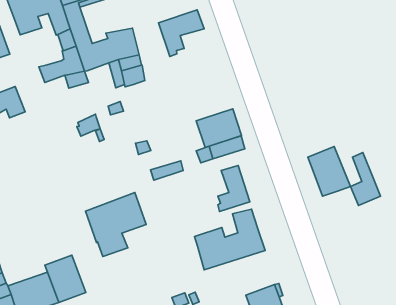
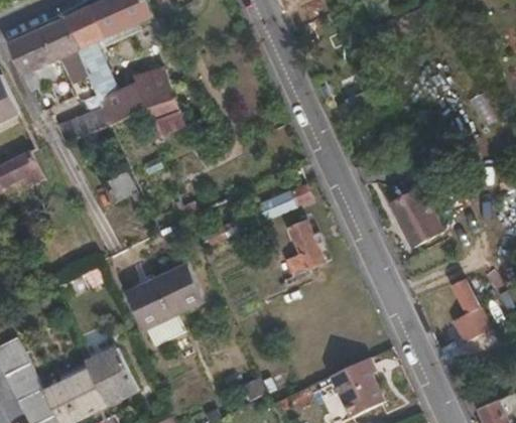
building: [159,10,204,57] -> none
building: [196,109,241,147] -> none
building: [350,152,380,206] -> [450,278,489,342]
building: [195,209,265,270] -> none

